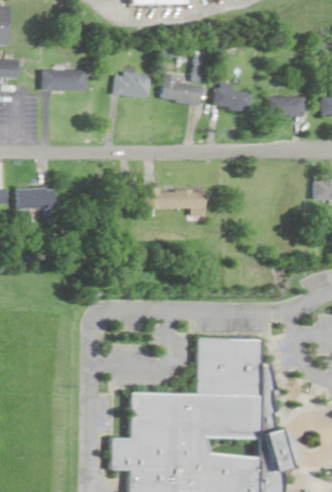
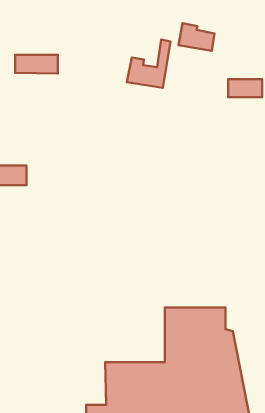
building: [114,72,150,97] -> none
building: [213,83,252,112] -> [179,23,215,51]
building: [144,189,204,208] -> none

